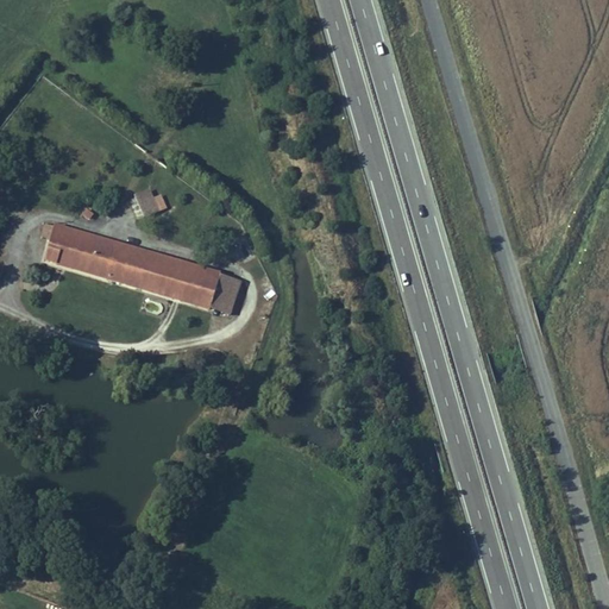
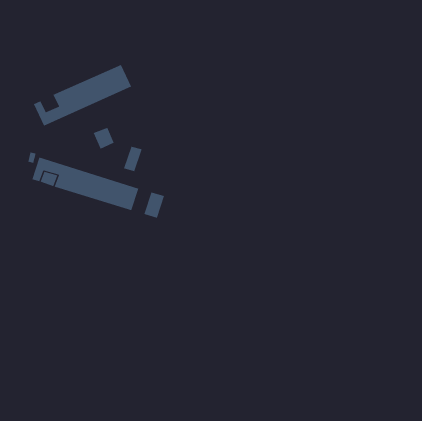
building: none -> [33,64,132,127]
building: [192,270,219,307] -> [123,146,142,172]

